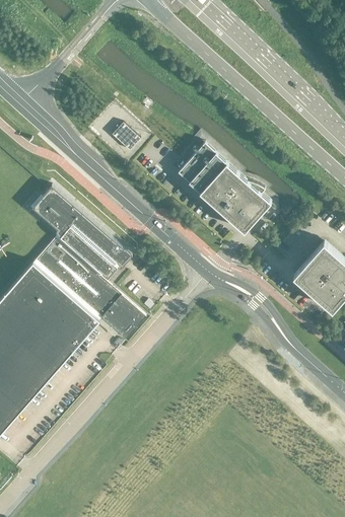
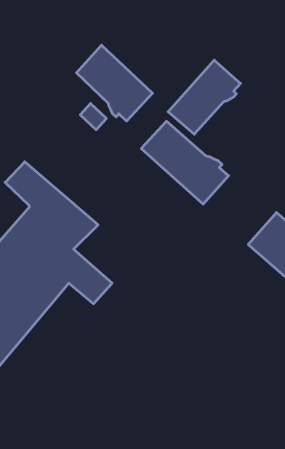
building: none -> [76,45,153,121]
building: none -> [168,60,241,134]

